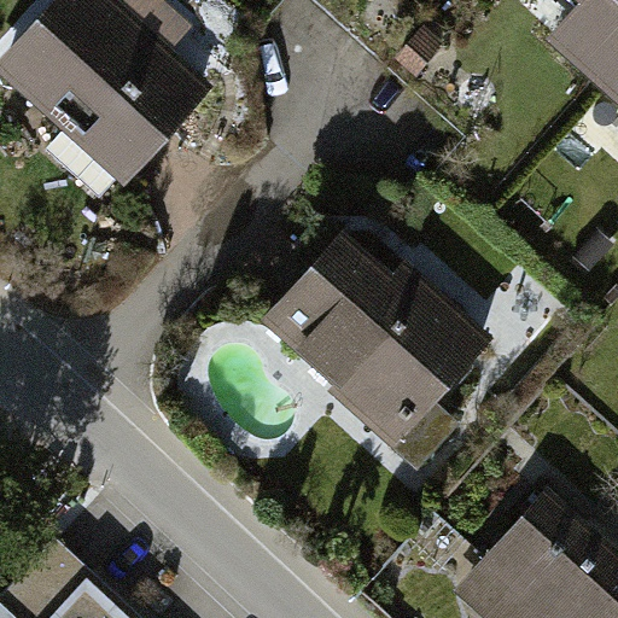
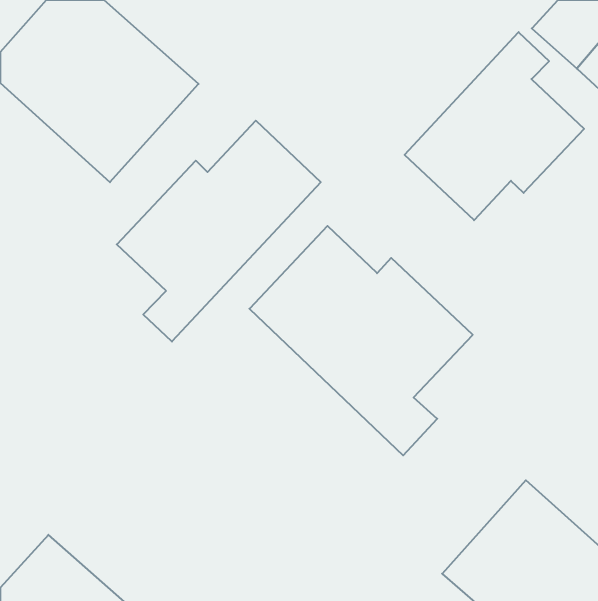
building: none -> [405,32,584,220]
building: none -> [117,121,321,342]

